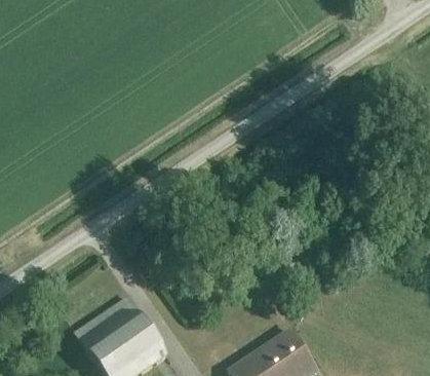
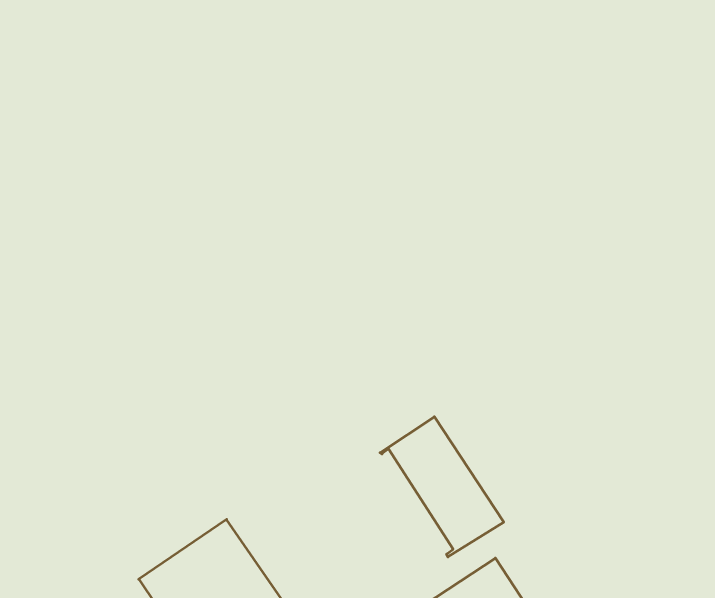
building: none -> [380,417,504,557]

